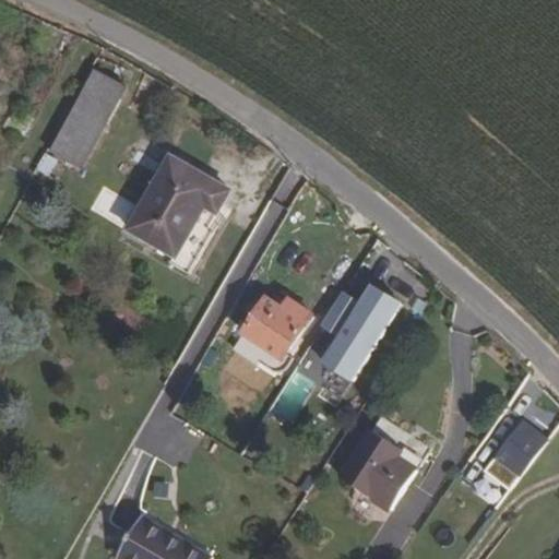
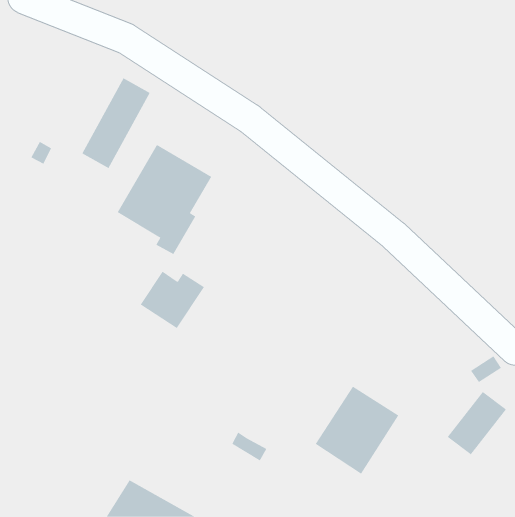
building: [49,69,123,167] -> [81,77,150,169]
building: [316,290,396,386] -> none
building: [240,296,310,358] -> [140,271,205,329]

